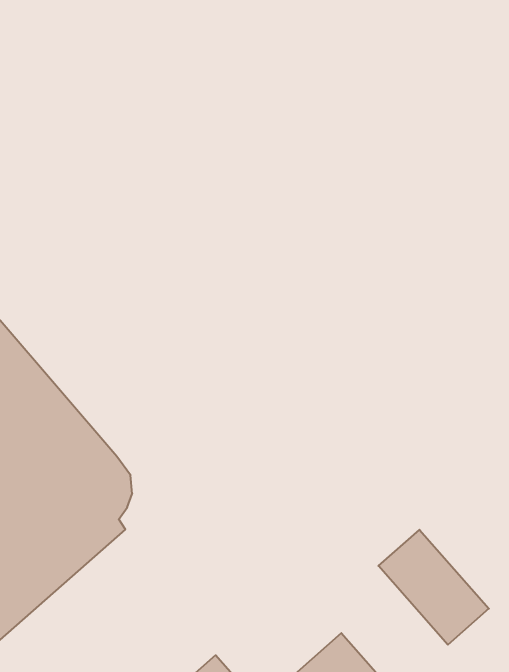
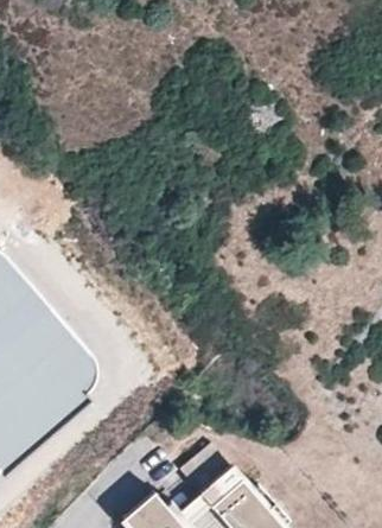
building: [378,530,489,645] -> none

